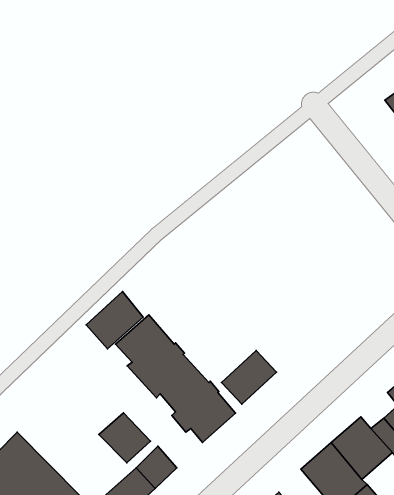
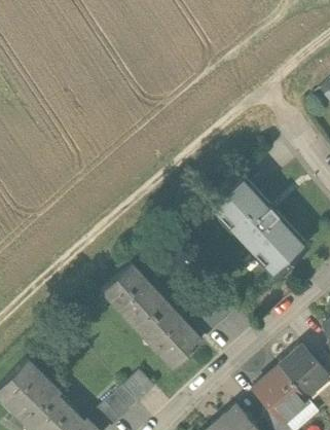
building: none -> [206,171,306,275]
building: [86,291,143,349] -> none
building: [99,413,150,463] -> none

